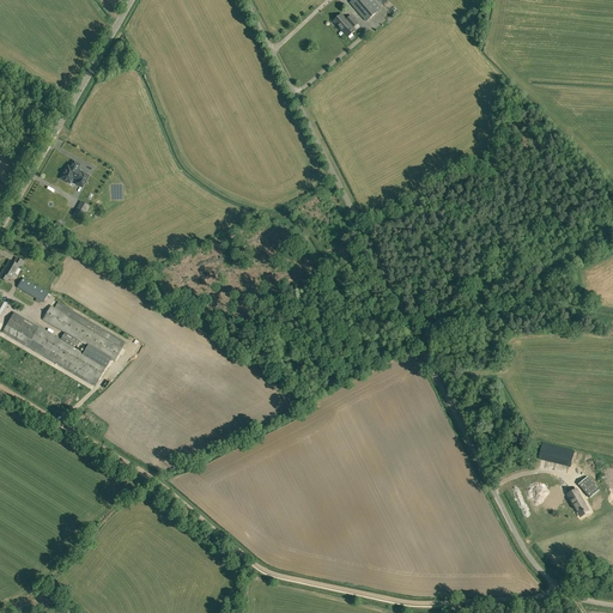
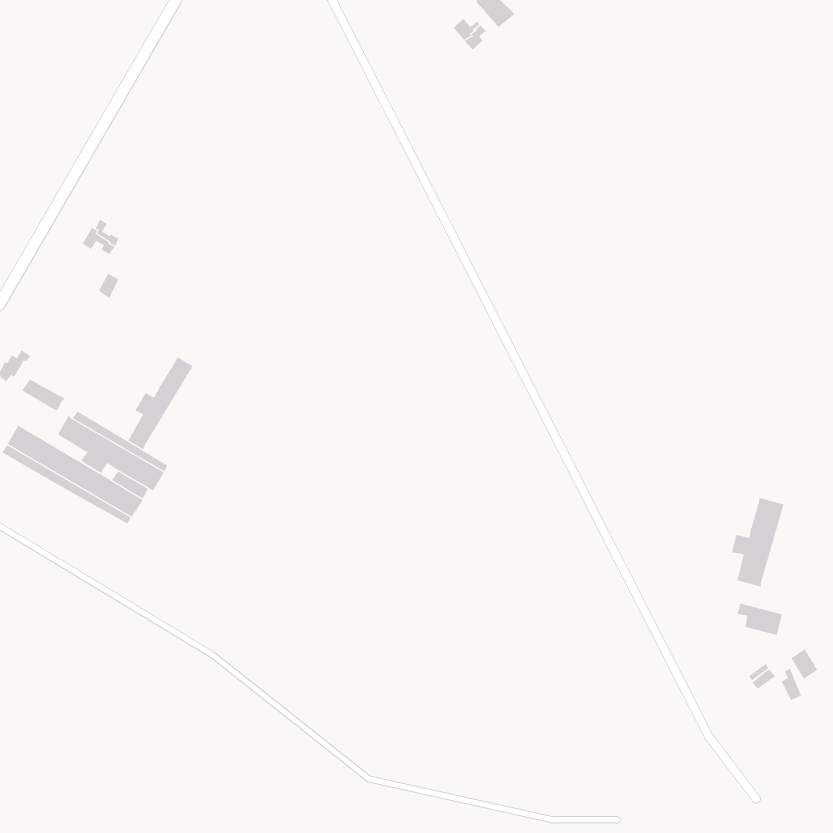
building: none -> [127,356,194,450]
building: none -> [731,497,784,588]

